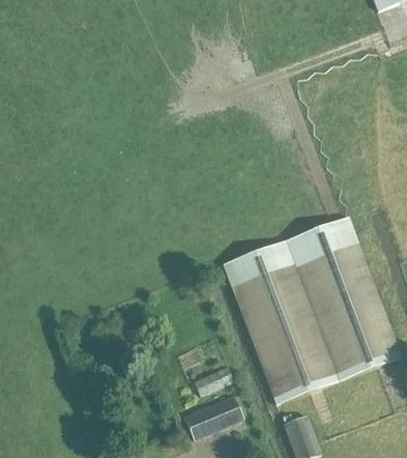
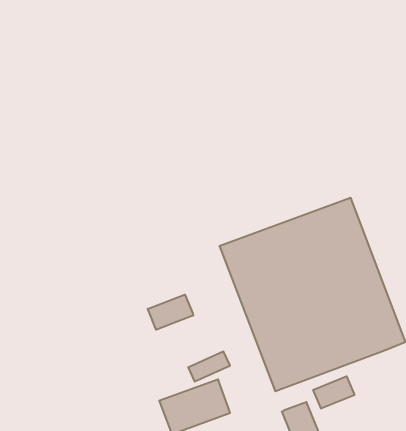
building: none -> [148,295,193,330]
building: none -> [313,376,354,409]

